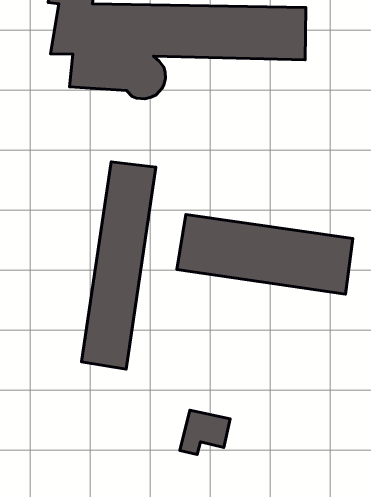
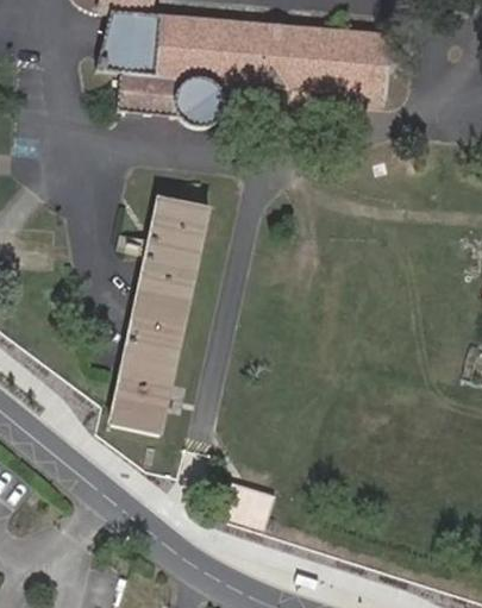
building: [177,215,353,294] -> none

